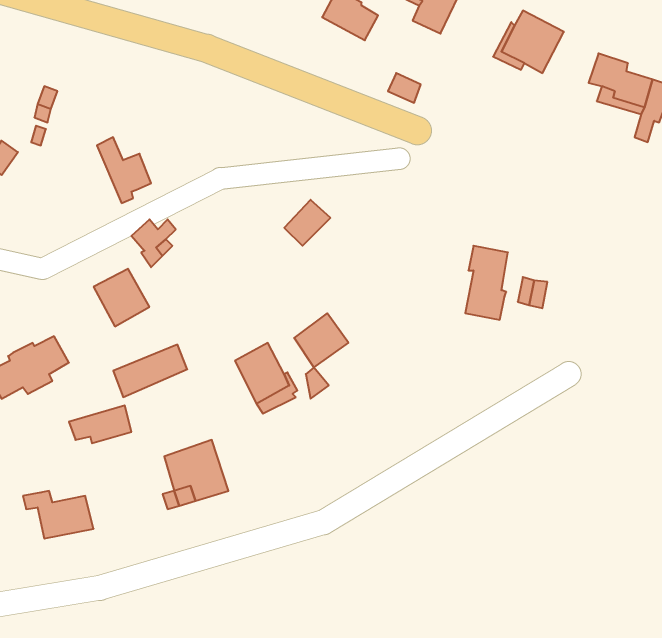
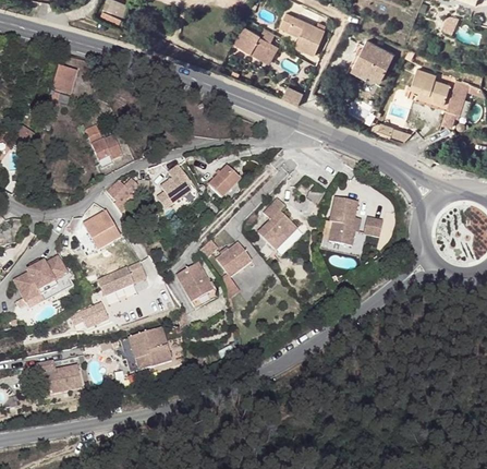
building: none -> [51,65,76,95]
building: none -> [161,166,200,205]
building: none -> [258,199,297,250]

